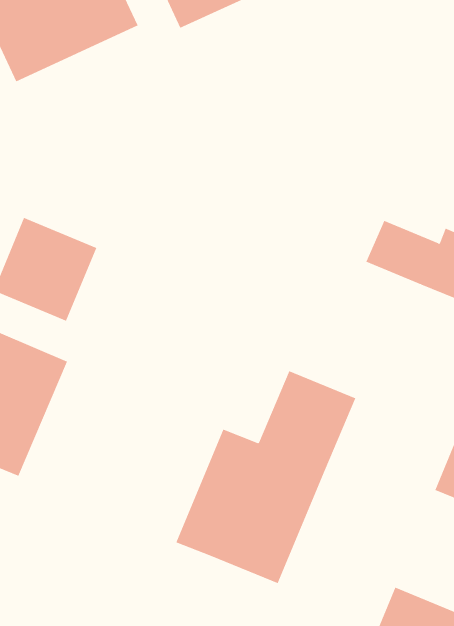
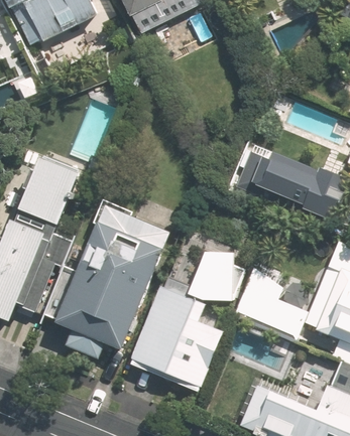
building: none -> [53,223,158,344]
building: none -> [238,281,305,330]

